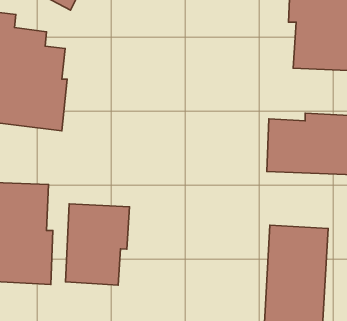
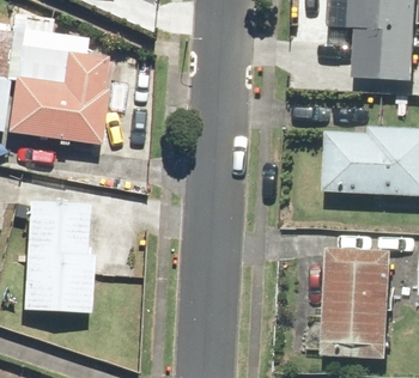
building: [65,204,130,285] -> none

